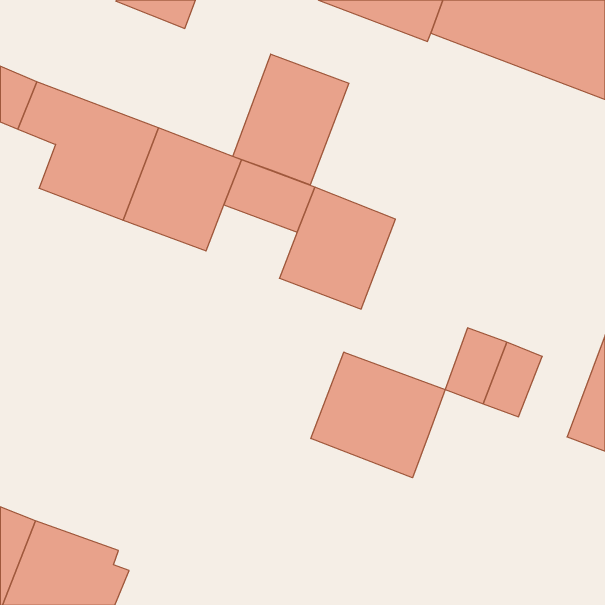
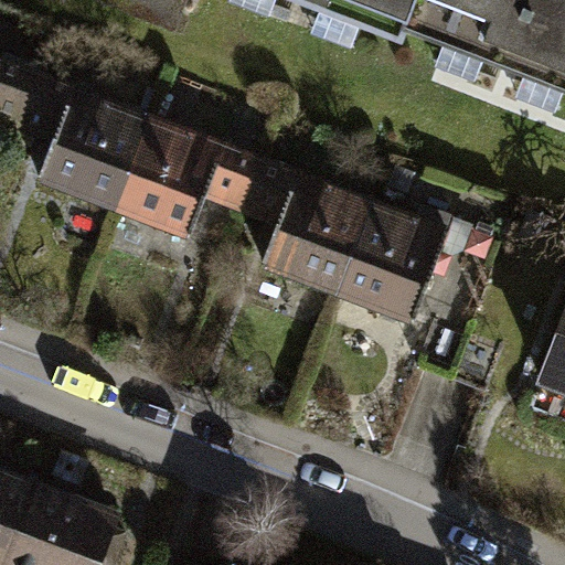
building: [233,54,349,185] -> none
building: none -> [337,202,452,318]
building: [311,352,445,478] -> none

